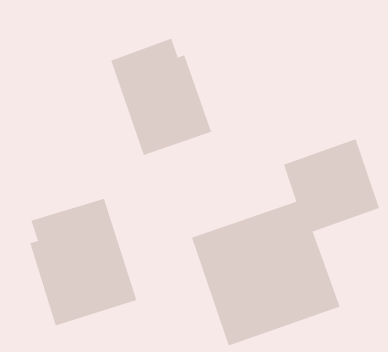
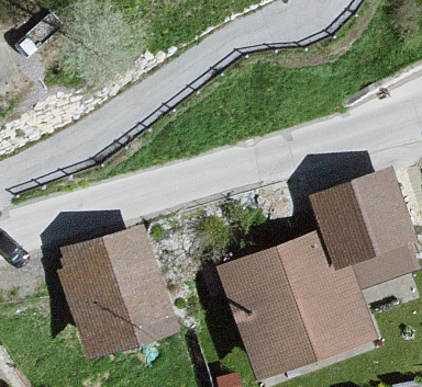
building: [110,38,212,156] -> none

